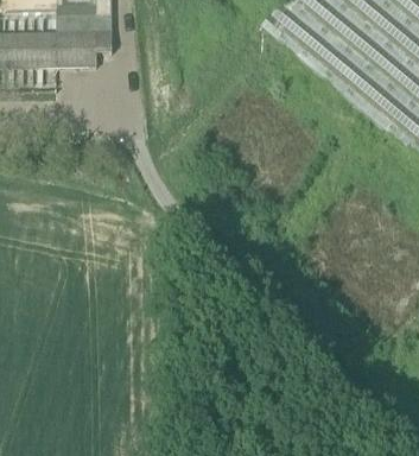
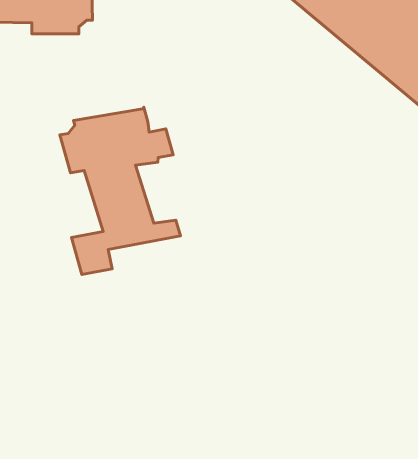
building: none -> [60,107,180,274]

